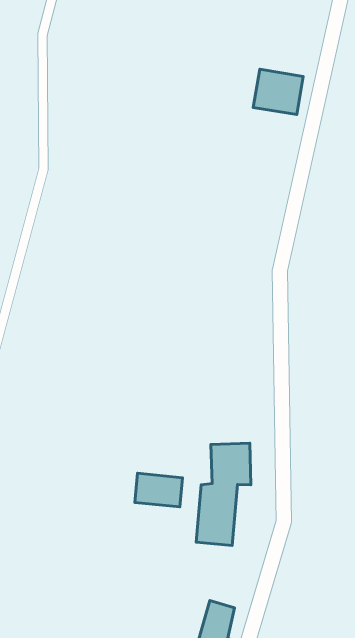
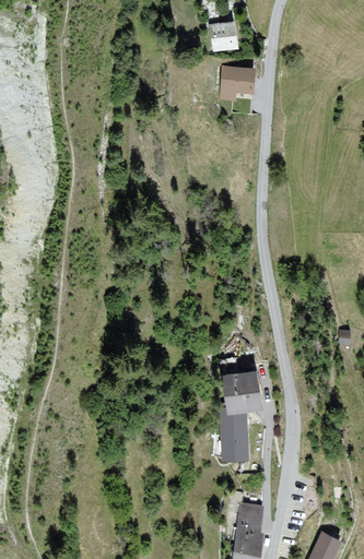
building: none -> [211,22,238,51]
building: [135,473,182,507] -> none

